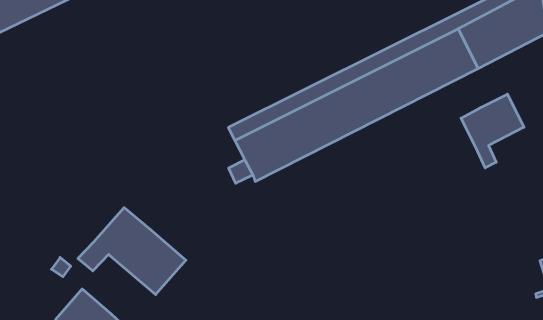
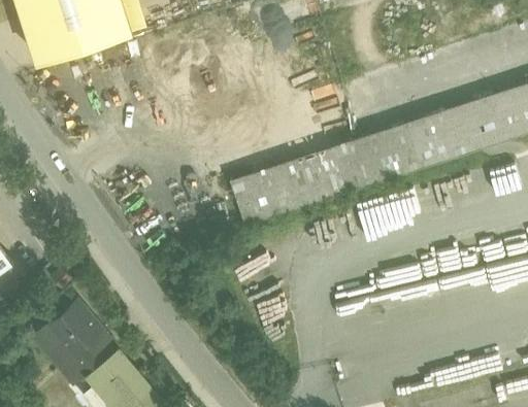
building: [461,94,524,168] -> none
building: [78,208,186,295] -> none

